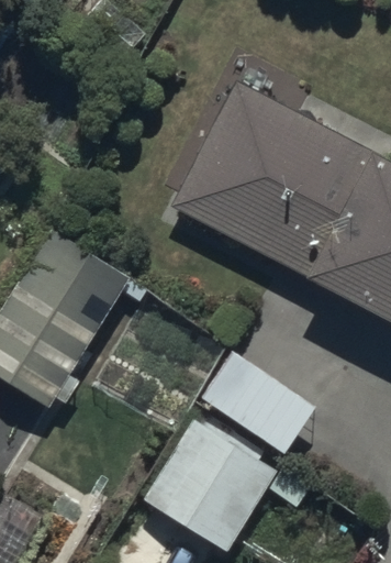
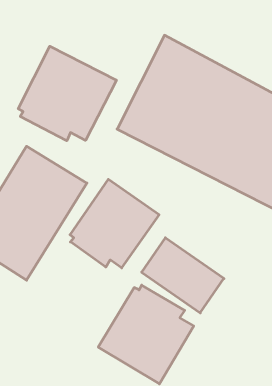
building: none -> [18,46,116,141]
building: none -> [70,179,159,268]

